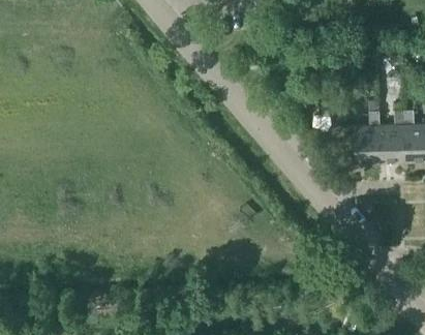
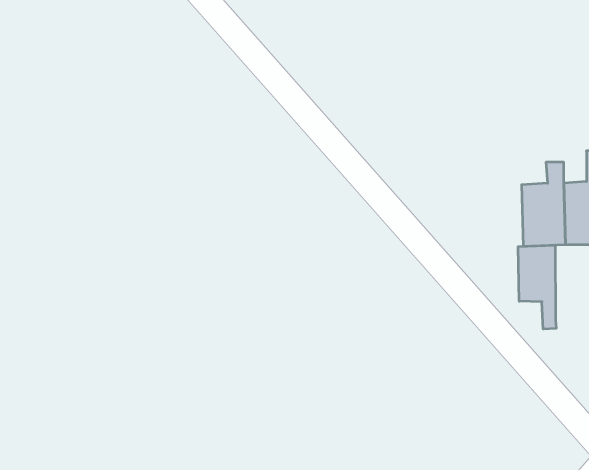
building: none -> [518,245,556,329]

